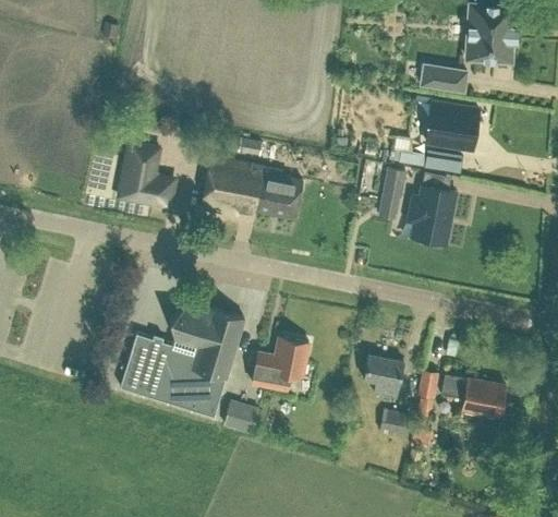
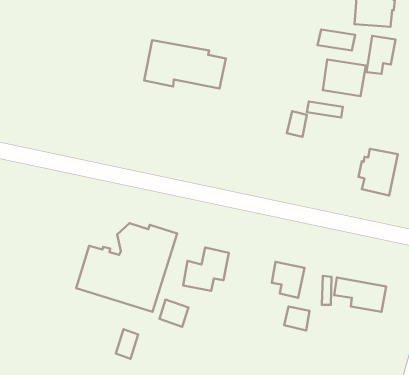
building: none -> [366,36,396,74]
building: [118,141,174,207] -> none
building: [201,157,302,217] -> [144,40,226,88]
building: [407,185,456,243] -> [358,149,398,195]
building: none -> [116,329,138,359]

